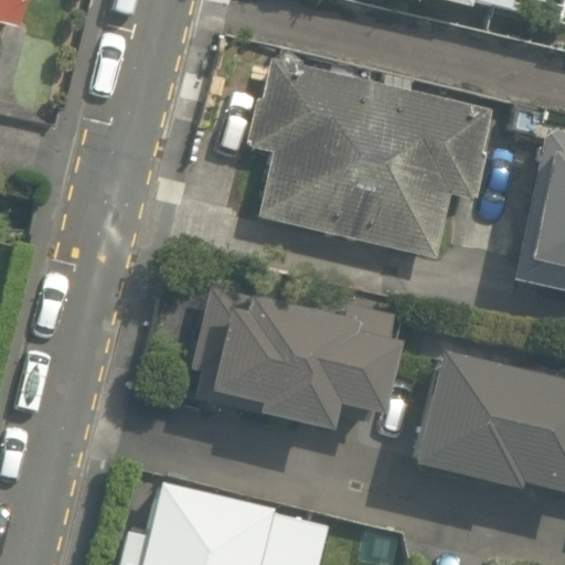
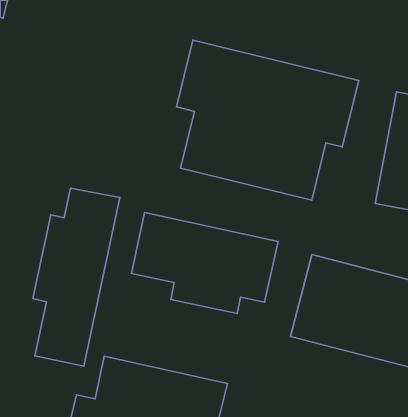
building: none -> [33,188,120,366]

